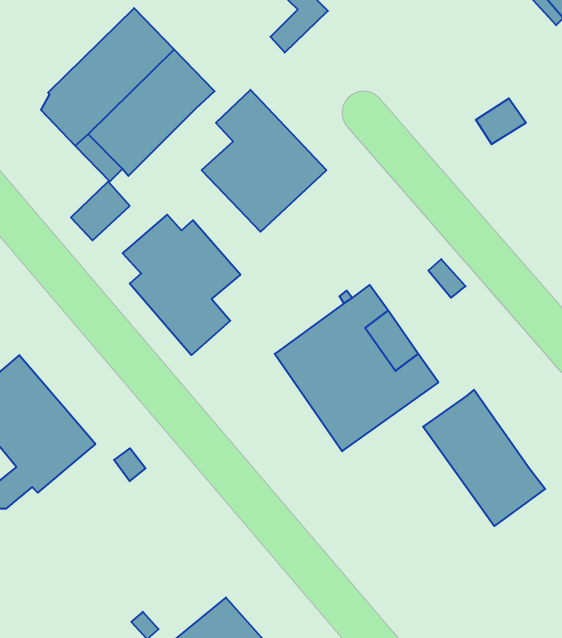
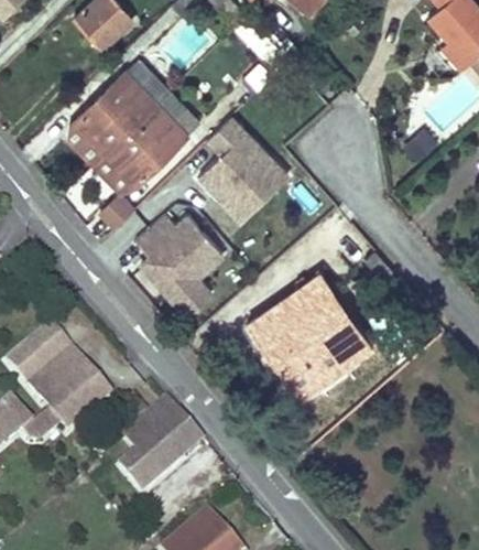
building: [423,390,545,526] -> none
building: none -> [120,398,204,492]

